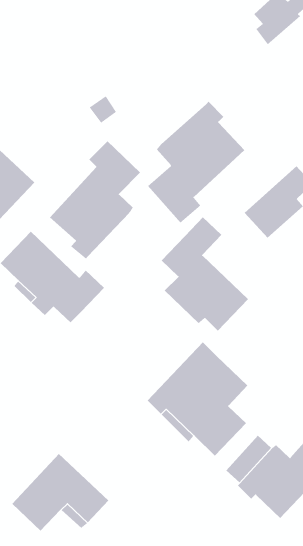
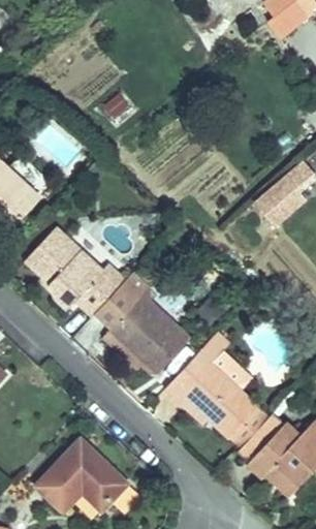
building: [147,101,245,224] -> none
building: [49,140,141,260] -> none
building: [161,217,249,331] -> [100,259,185,370]

